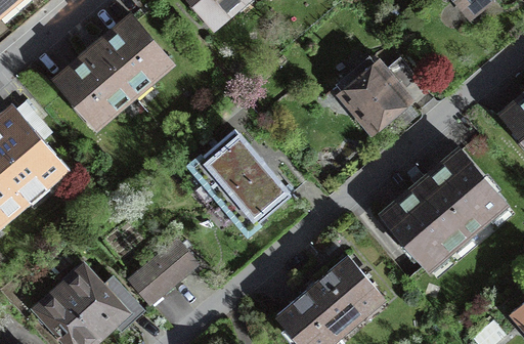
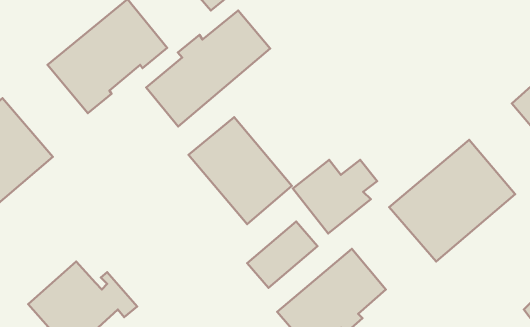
building: none -> [146,11,270,127]
building: [336,58,417,129] -> [293,160,377,234]
building: [130,241,198,304] -> [247,222,318,288]

